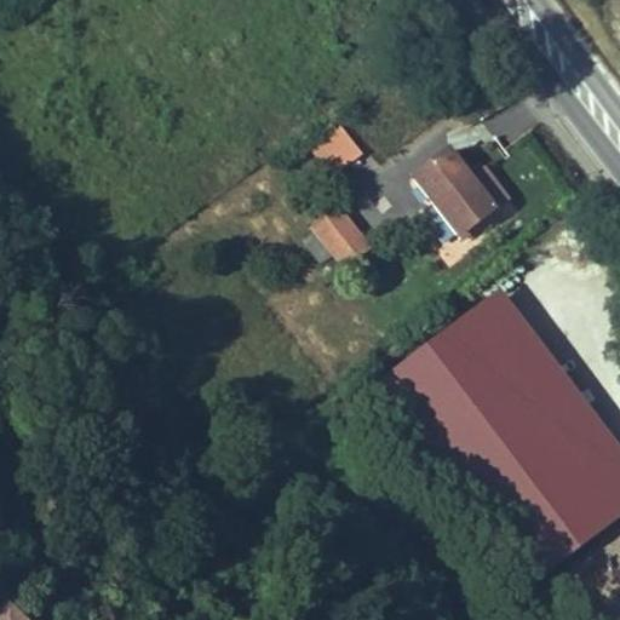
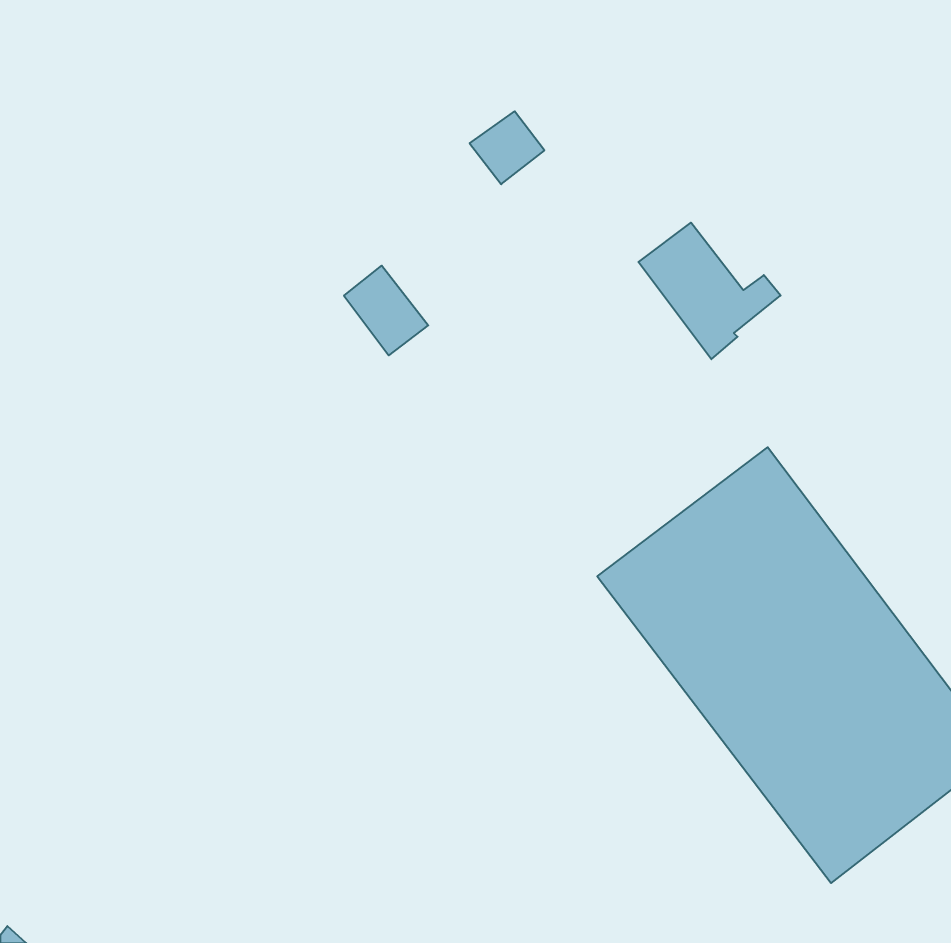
building: [315,121,363,168] -> [470,111,544,184]
building: [317,201,372,259] -> [344,266,428,355]

